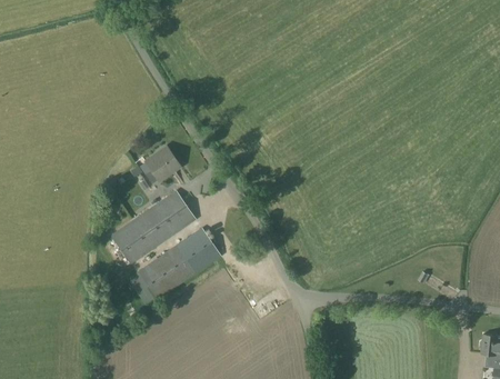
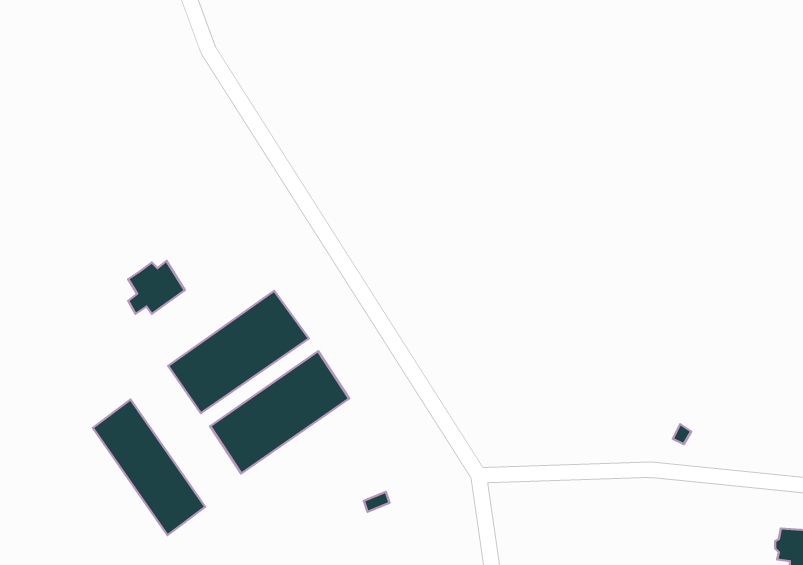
building: [146,149,180,181] -> [128,261,185,314]
building: none -> [93,400,205,535]

